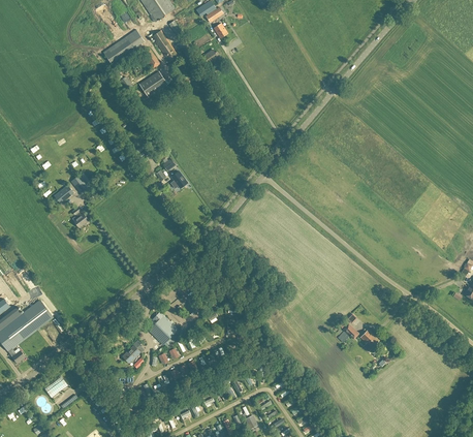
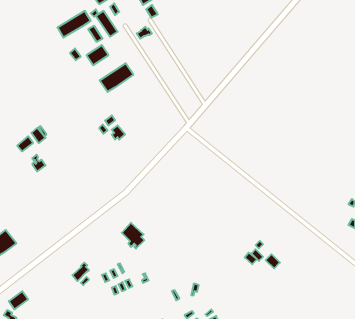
building: none -> [100,63,133,92]
building: [151,315,179,347] -> [122,223,144,249]

